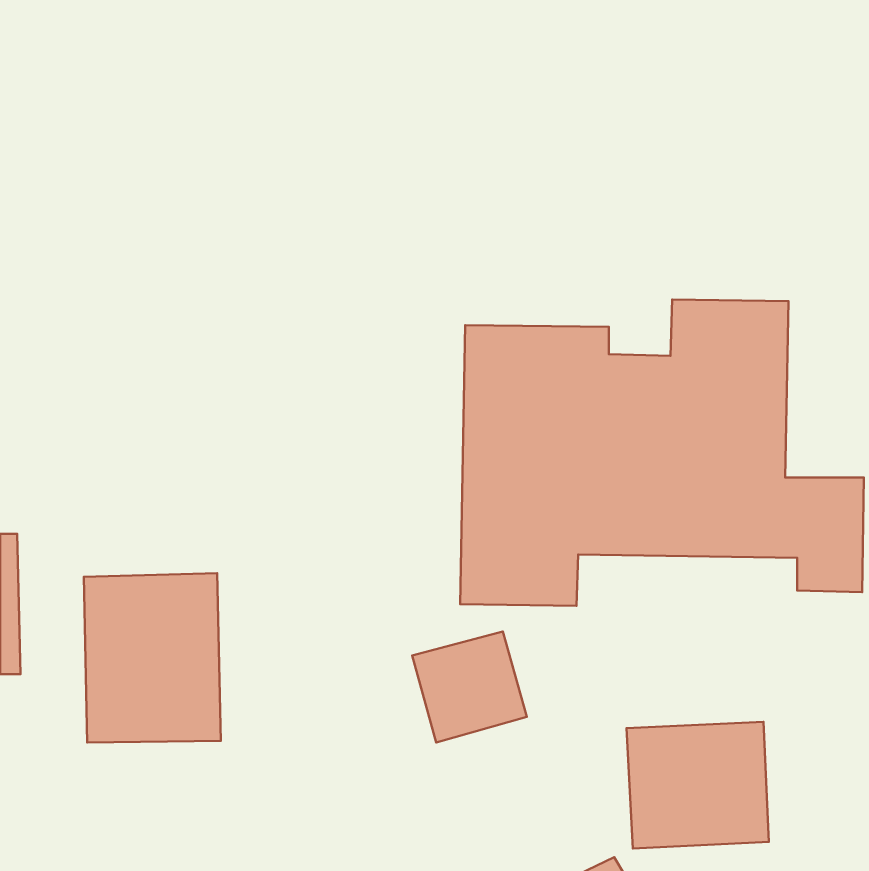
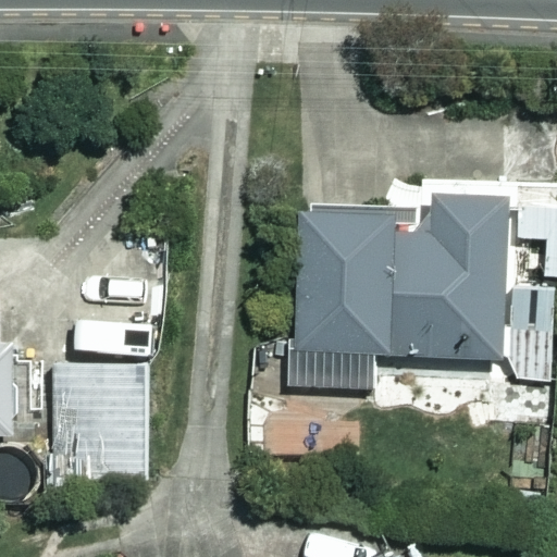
building: [626,722,769,848] -> none

